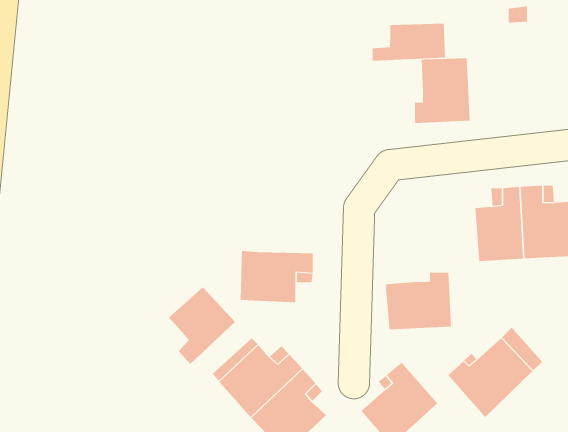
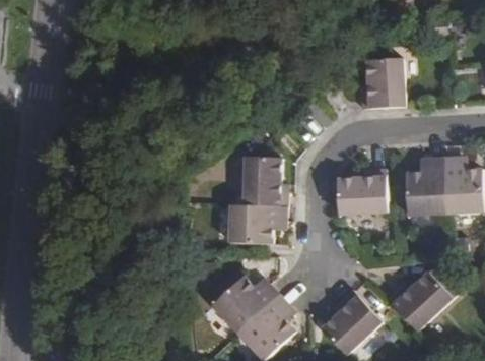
building: [372,23,446,61] -> none
building: none -> [244,159,286,208]
building: [385,272,452,330] -> [337,170,388,214]
building: [168,287,236,365] -> none

